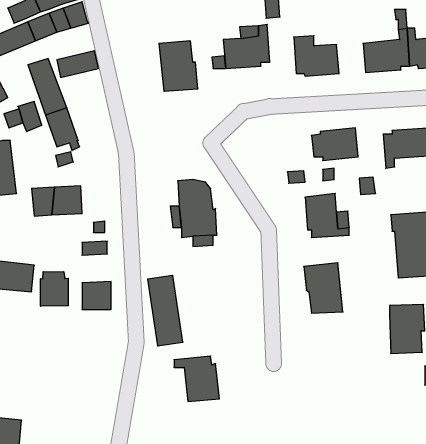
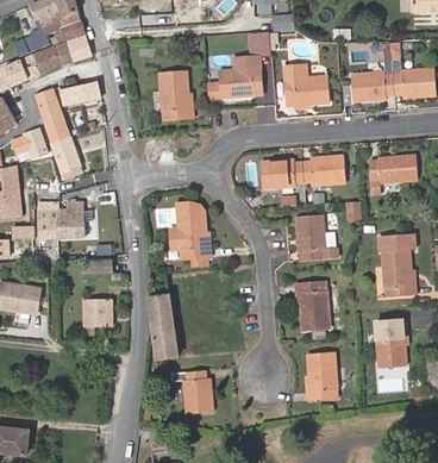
building: none -> [261,157,304,188]
building: [41,272,68,306] -> none
building: none -> [305,351,338,399]

